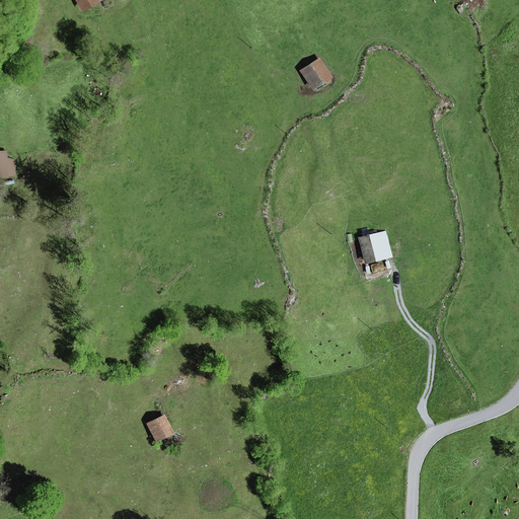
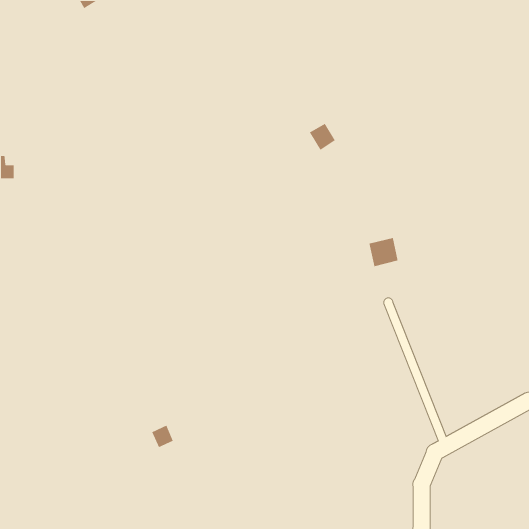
building: [302,60,328,87] -> [309,123,336,151]

